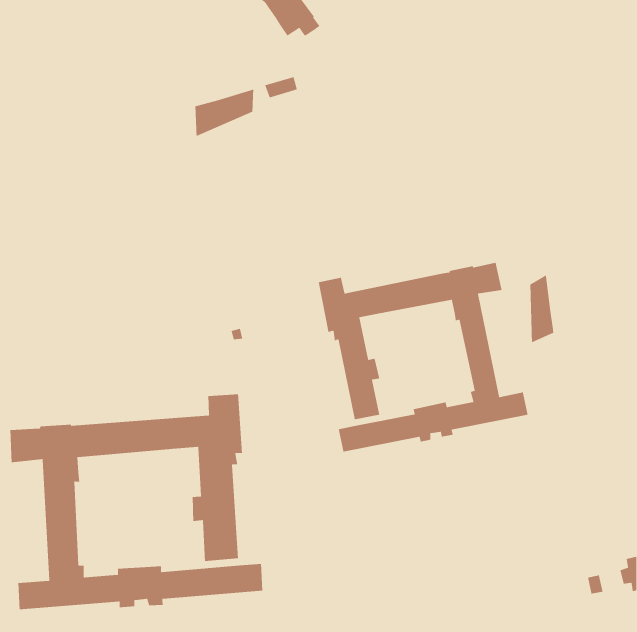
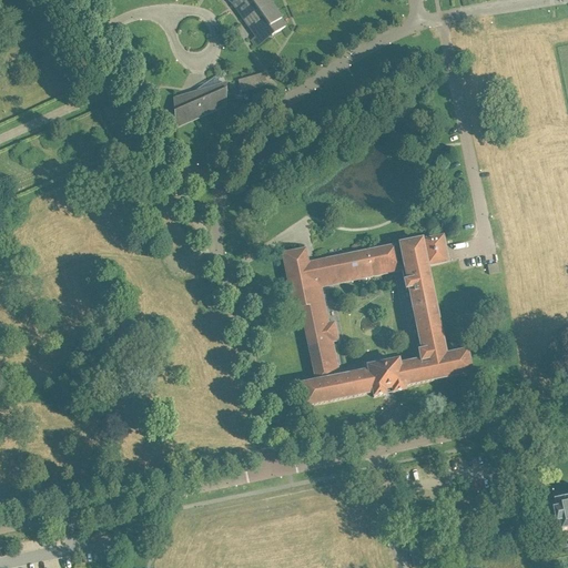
building: [529,274,554,344] -> none
building: [9,393,263,610] -> none

